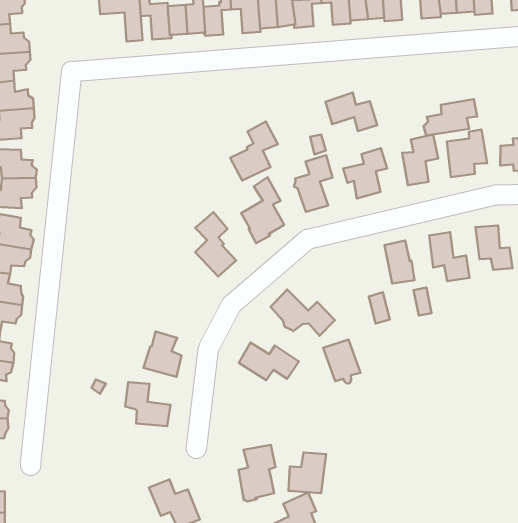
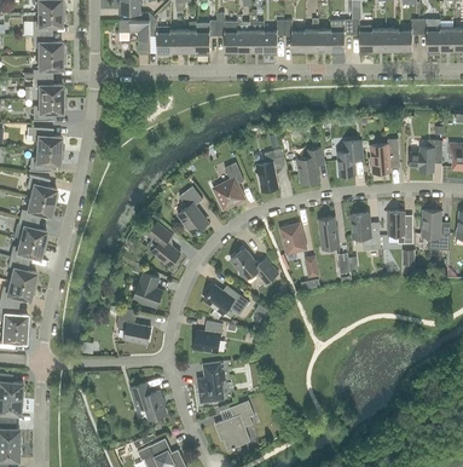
building: [325,92,377,131] -> none
building: [424,99,477,136] -> none
building: [230,121,278,181] -> none
building: none -> [147,221,181,265]
building: [323,340,361,383] -> [280,223,307,255]
building: [288,452,326,493] -> [193,321,224,352]

